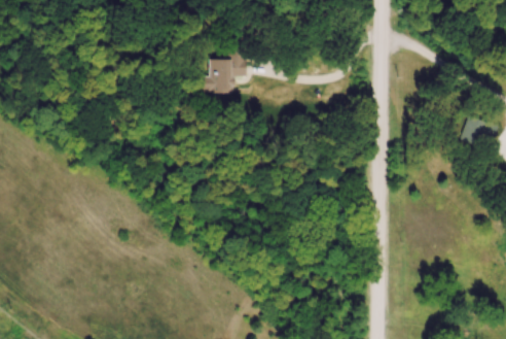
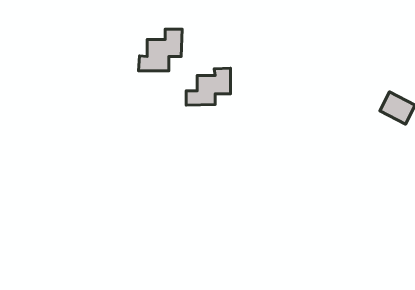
building: none -> [186,68,230,105]

